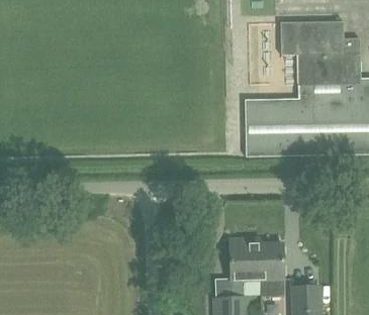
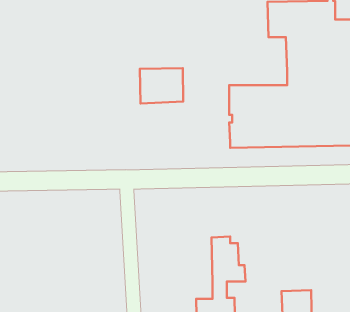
building: none -> [140,68,183,104]
building: [253,242,284,296] -> none

